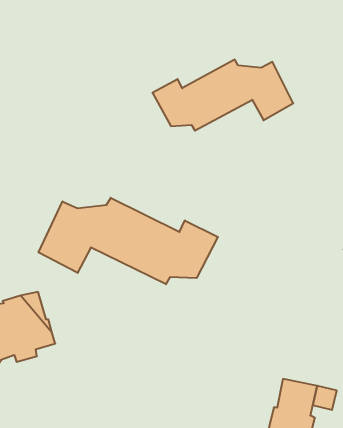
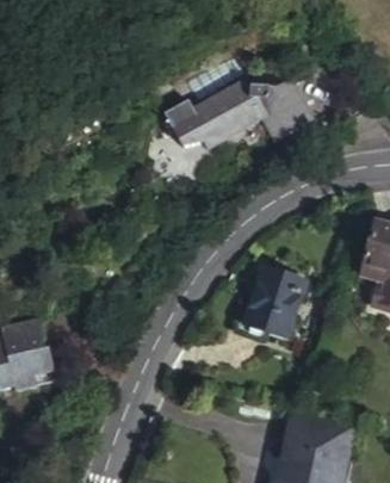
building: [39,198,218,284] -> none
building: none -> [243,262,304,334]

